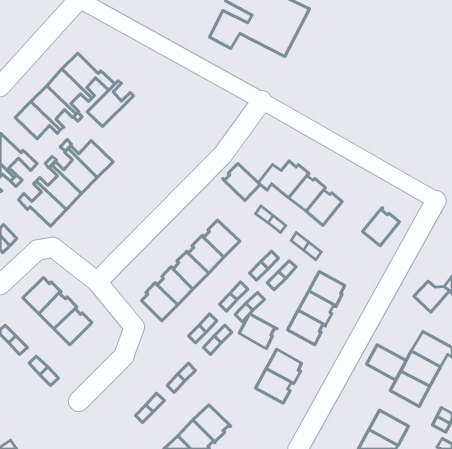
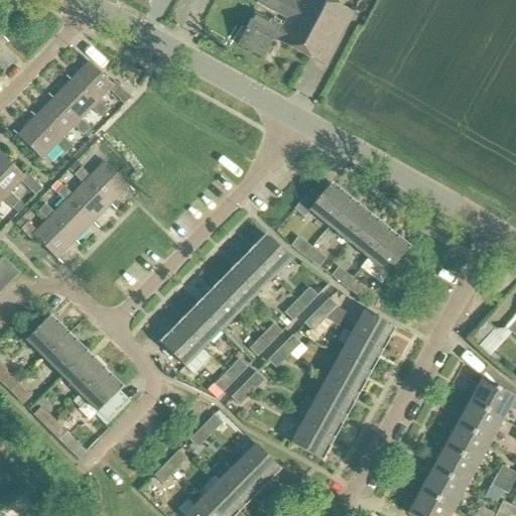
building: [87,81,134,127] -> none
building: [223,163,260,201] -> [248,233,290,275]
building: [362,208,400,246] -> [368,230,410,273]
building: [239,314,277,348] -> [315,376,359,415]
building: none -> [80,370,123,411]
building: [366,345,406,380] -> [432,445,478,486]
building: none -> [238,443,279,486]

